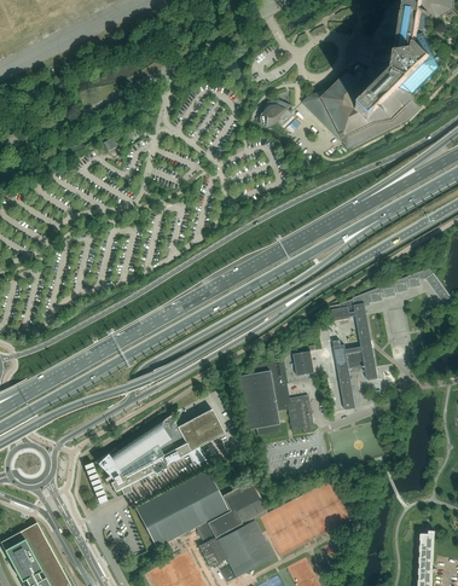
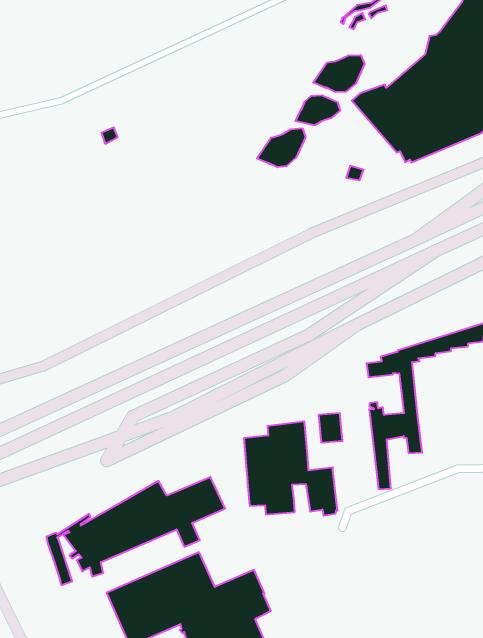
building: none -> [313,55,365,92]
building: none -> [257,128,305,167]

